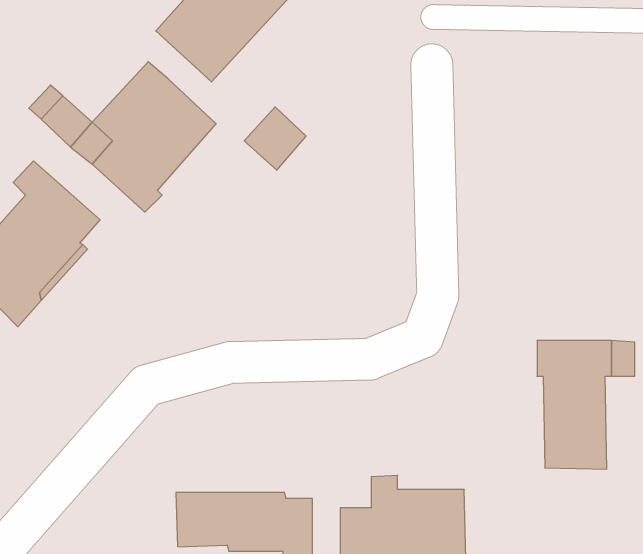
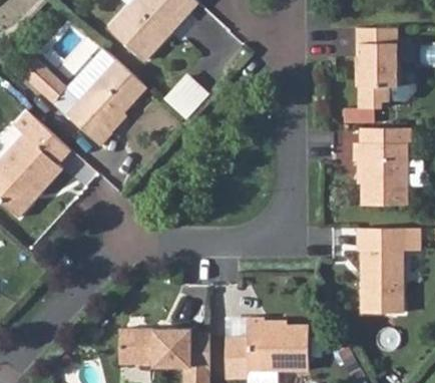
building: none -> [354,28,414,107]
building: none -> [354,128,410,206]

